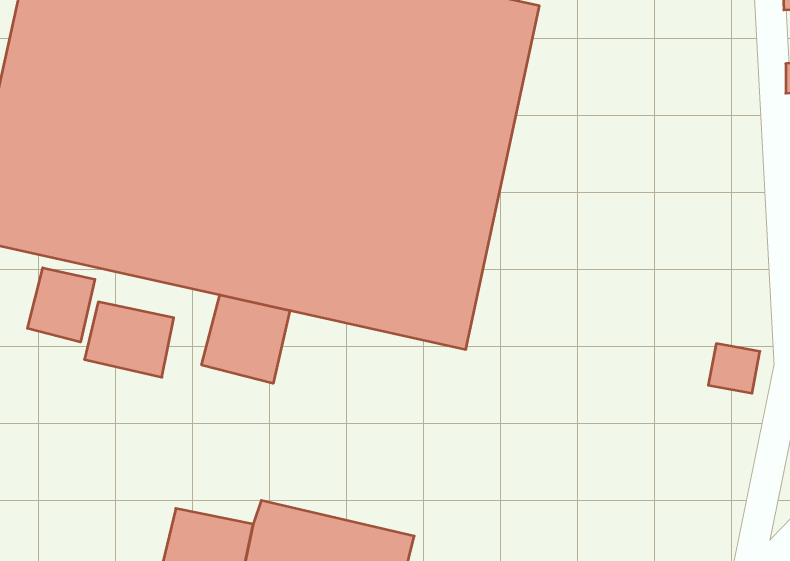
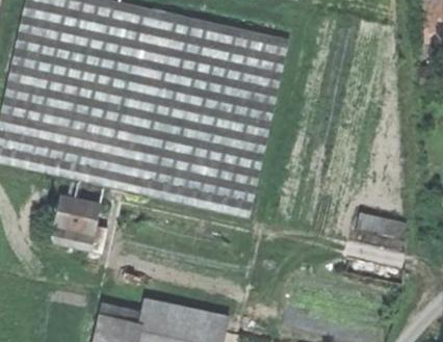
building: [27,268,95,342] -> none
building: [202,295,290,383] -> none

